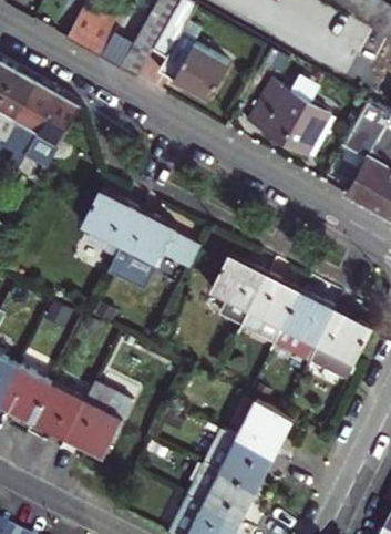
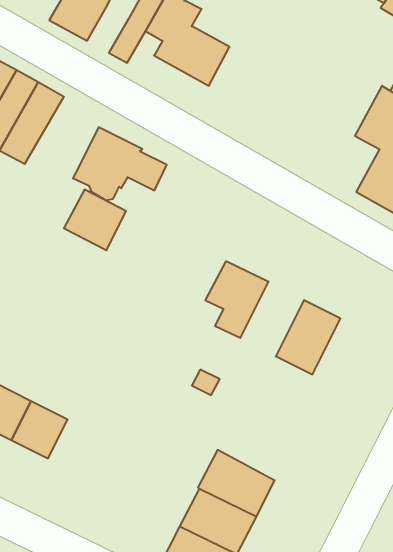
building: [250,79,331,153] -> none
building: [113,212,198,278] -> [73,127,167,200]
building: [240,276,298,343] -> none
building: [306,309,372,381] -> none
building: [65,381,133,456] -> none
building: [236,402,290,456] -> none

